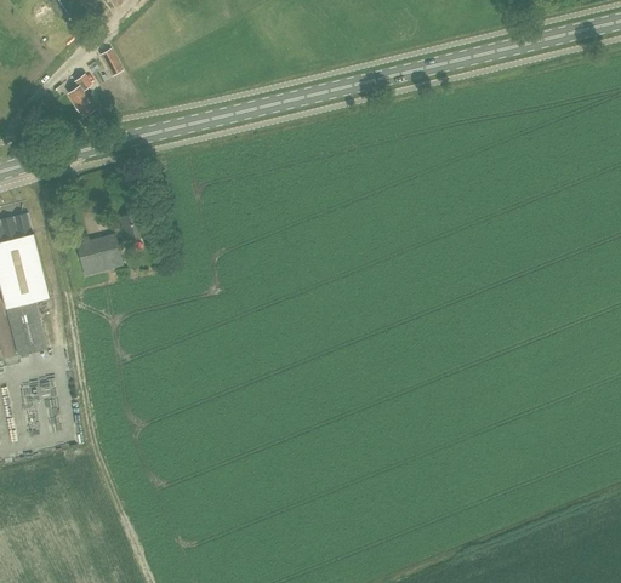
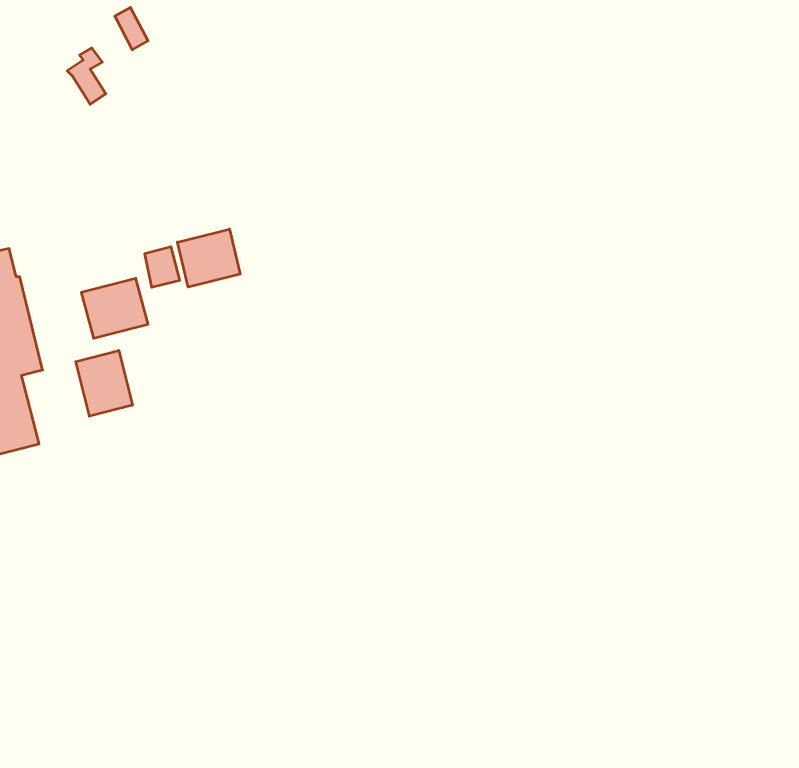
building: none -> [177,229,240,287]
building: none -> [76,350,132,416]

